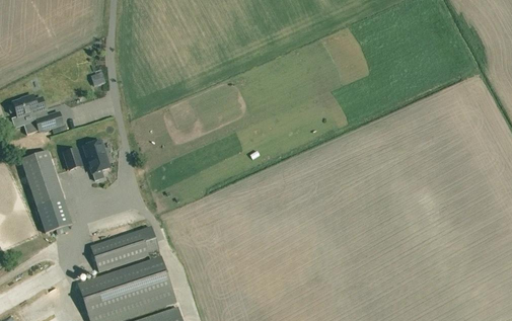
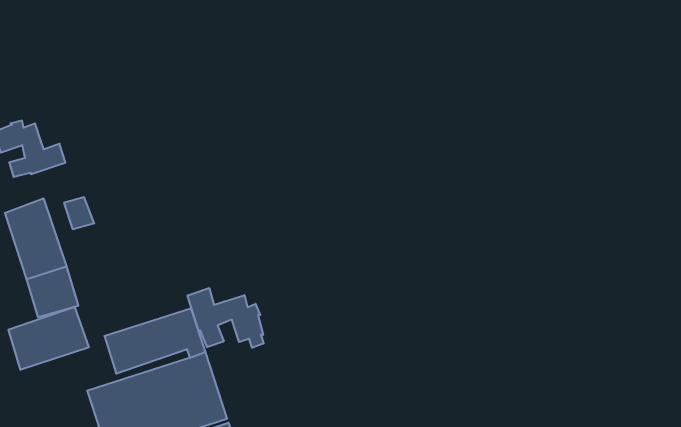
building: [83,140,109,173] -> none
building: none -> [187,288,264,348]
building: none -> [8,307,89,370]

